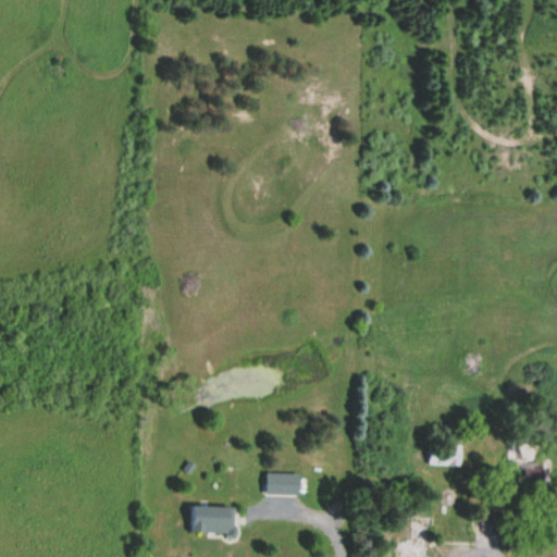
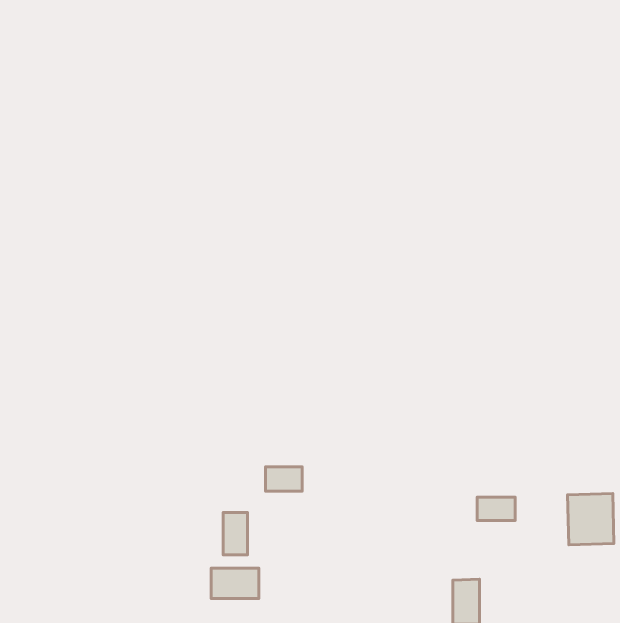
building: none -> [223,512,248,555]
building: [268,473,300,495] -> [266,467,302,491]

